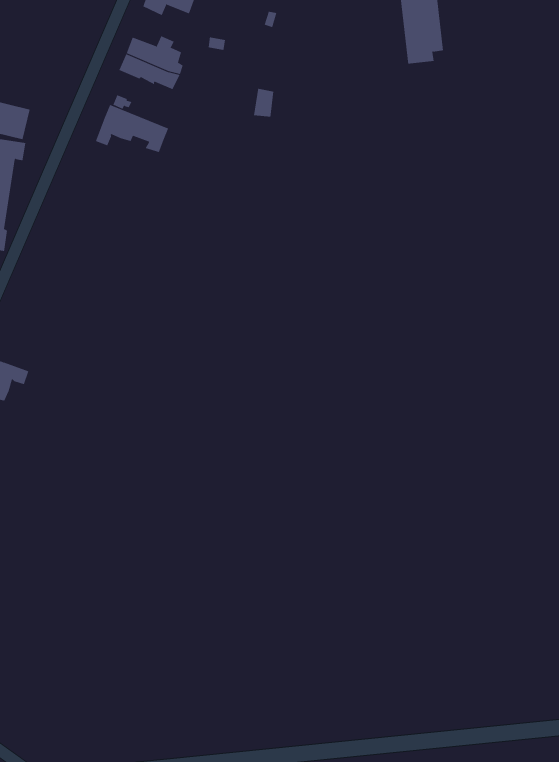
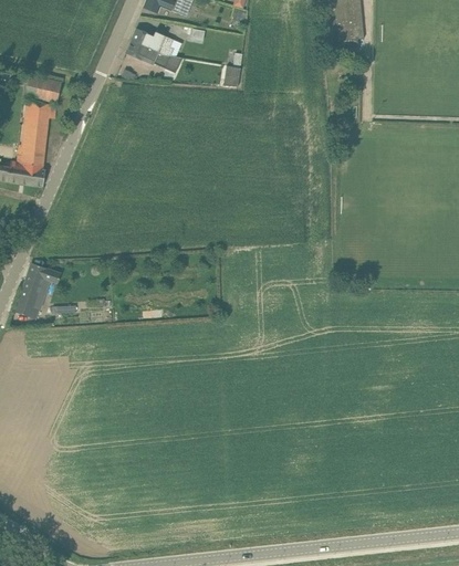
building: [95,104,169,153] -> none

